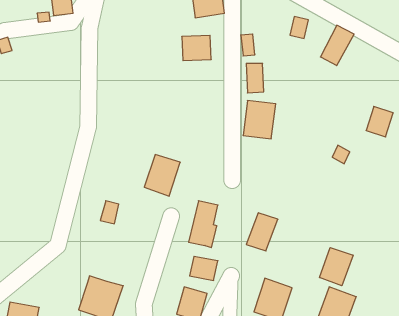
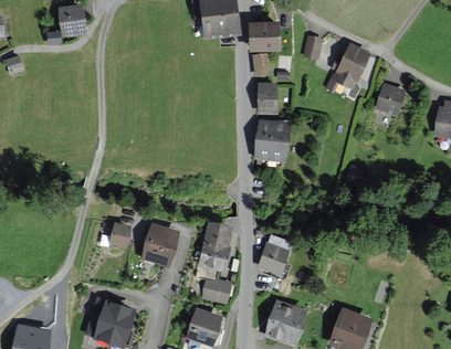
building: [182,35,211,61] -> [250,24,280,50]
building: [366,106,393,137] -> [376,84,403,115]
building: [144,155,180,196] -> [141,224,178,266]
building: [320,248,353,286] -> none

